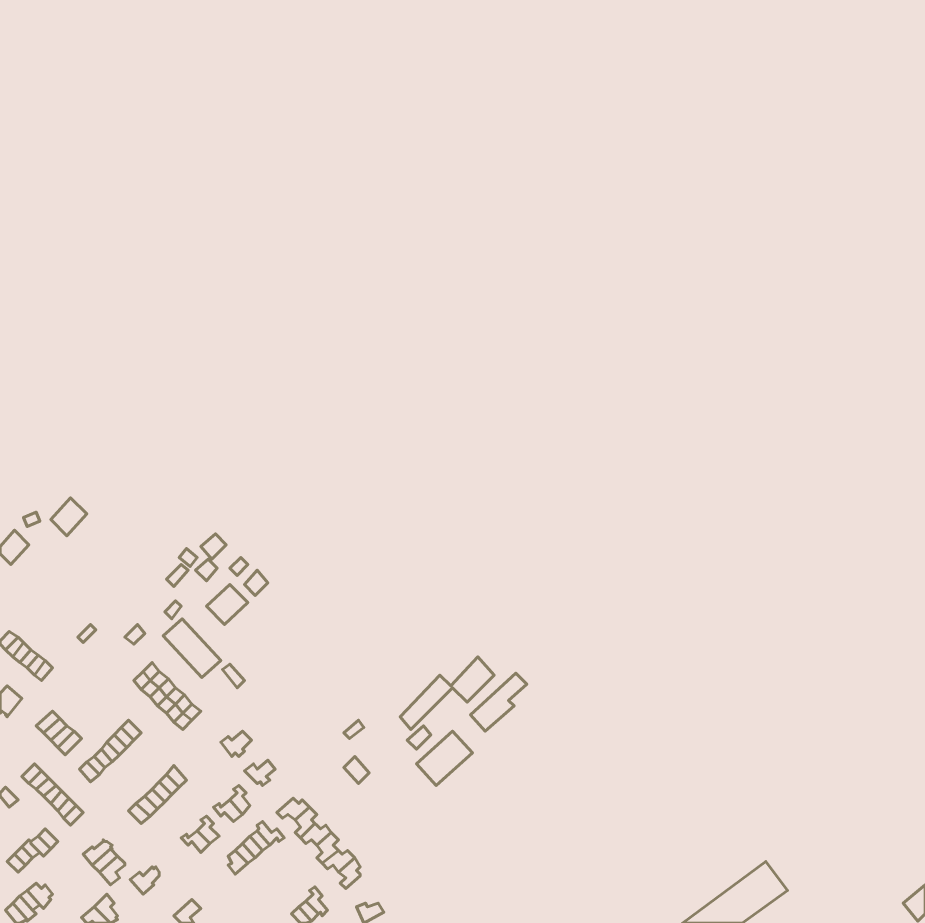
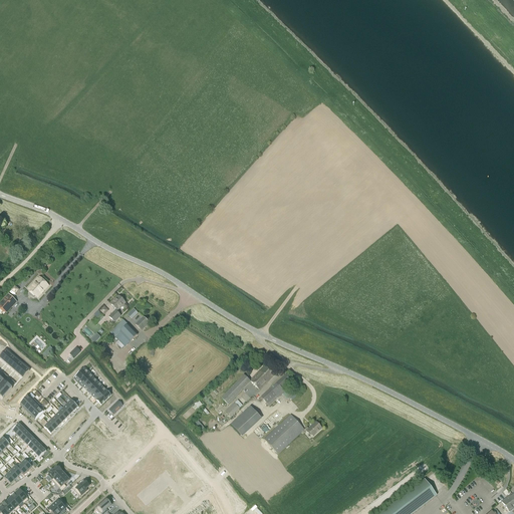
building: [163,619,221,678] -> none
building: none -> [264,415,321,454]

